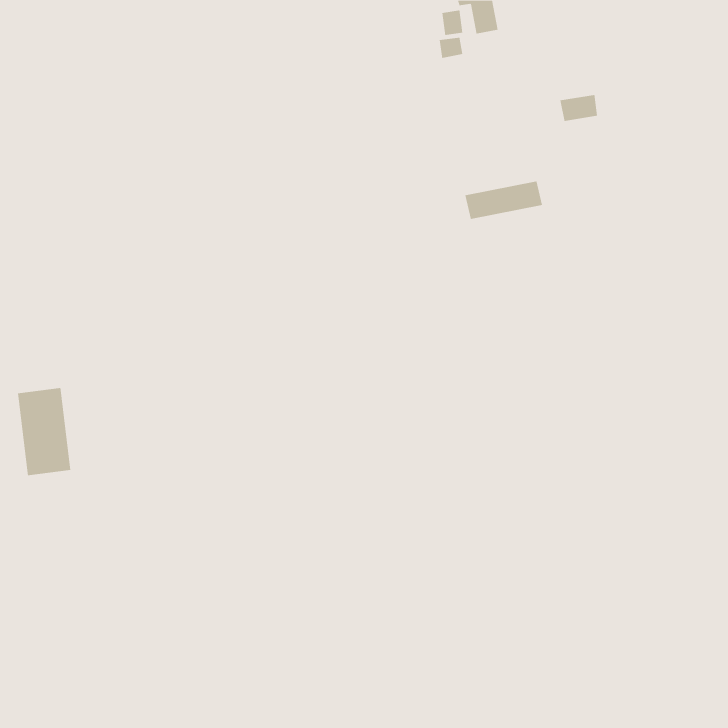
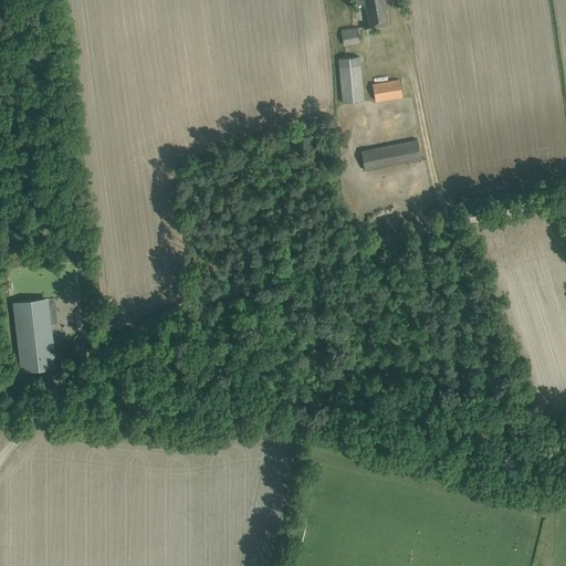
building: none -> [338,56,363,103]
building: [559,94,598,121] -> [371,80,401,101]

